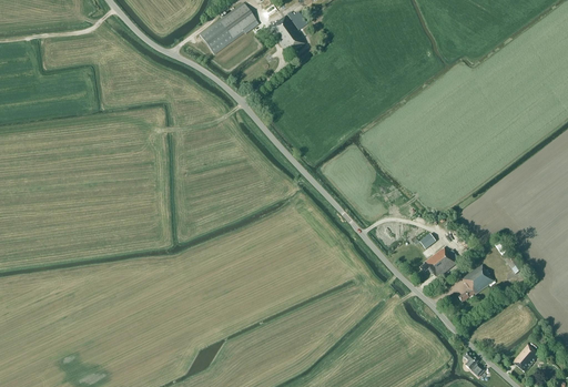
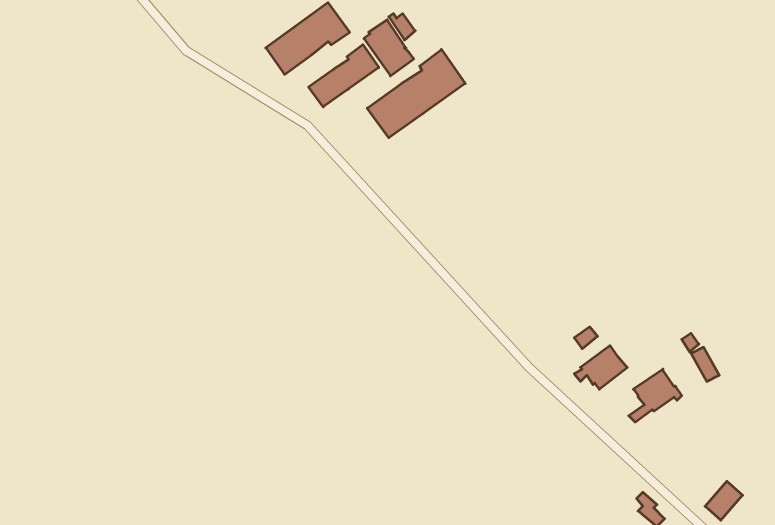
building: none -> [309,45,379,107]
building: none -> [367,49,465,138]

